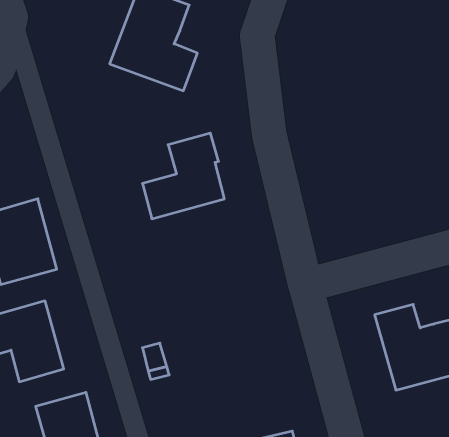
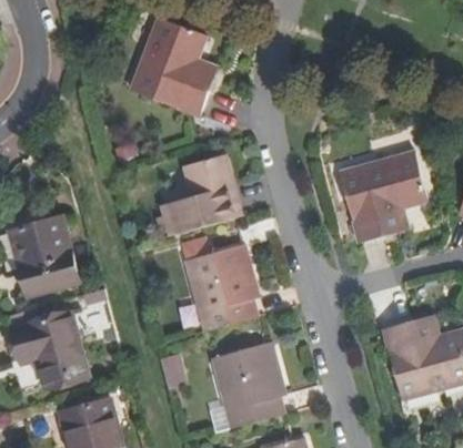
building: none -> [339,153,426,244]
building: none -> [184,244,256,332]
building: none -> [211,342,283,429]

